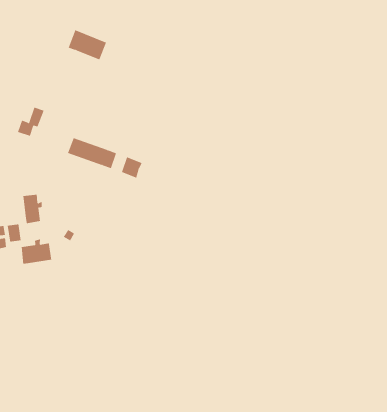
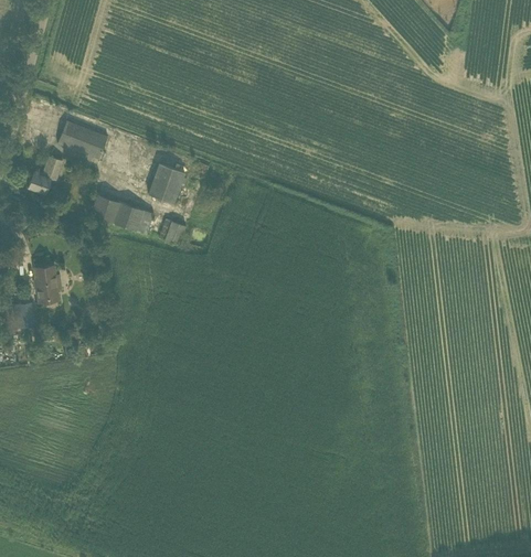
building: [68,29,107,60] -> [57,120,107,159]
building: none -> [148,162,184,203]
building: [21,238,52,265] -> none

